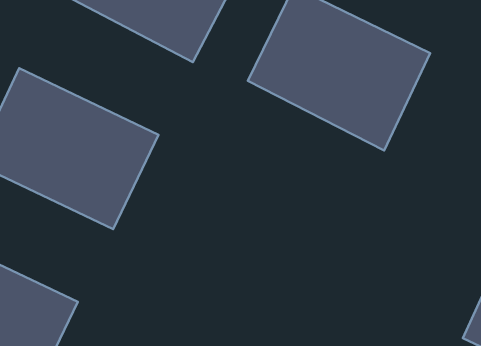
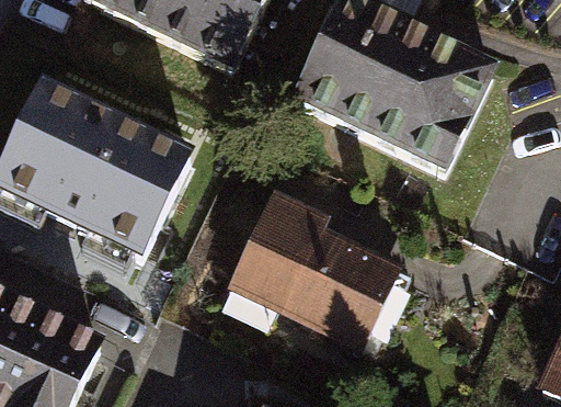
building: none -> [228,191,402,352]

